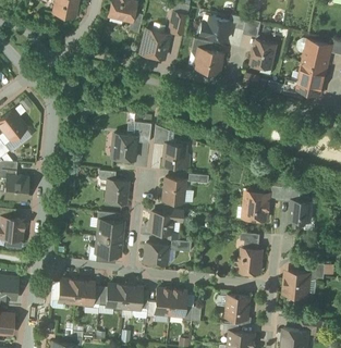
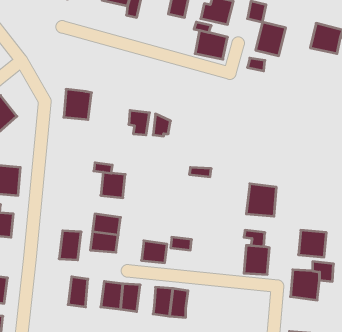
building: [141,28,171,60] -> none
building: [295,63,327,95] -> none
building: [111,133,137,161] -> [64,89,92,120]
building: [162,144,187,167] -> none
building: [162,178,185,202] -> none
building: [288,200,314,225] -> [298,230,326,257]
building: [148,210,183,234] -> none
building: [58,276,78,303] -> [59,231,81,260]
building: [226,296,251,321] -> none

